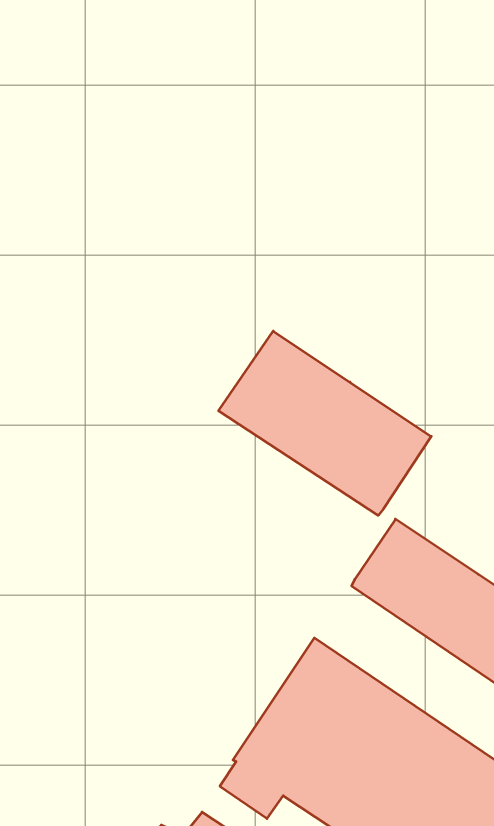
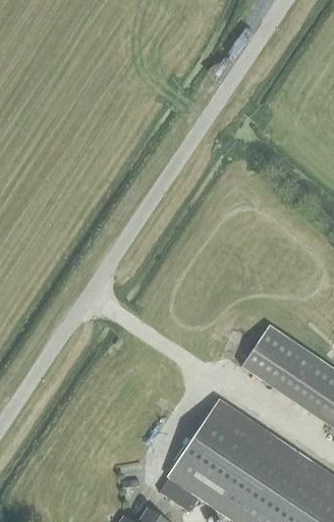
building: [219,331,431,515] -> none

